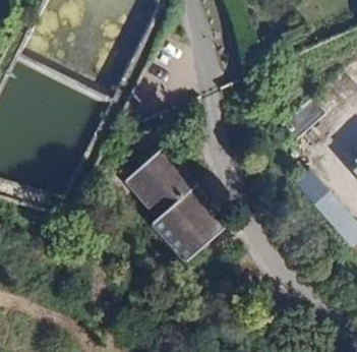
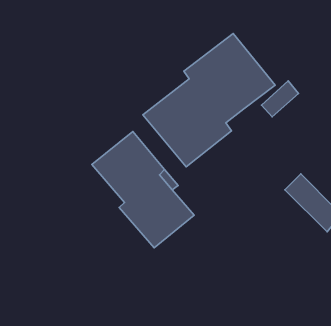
building: none -> [143,33,275,167]

